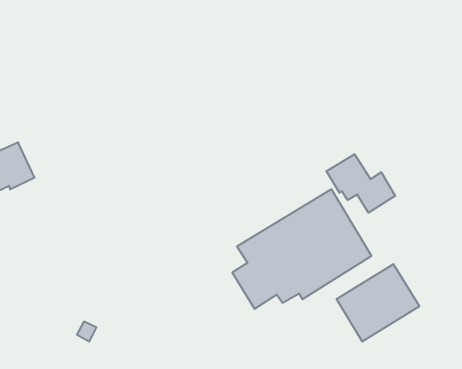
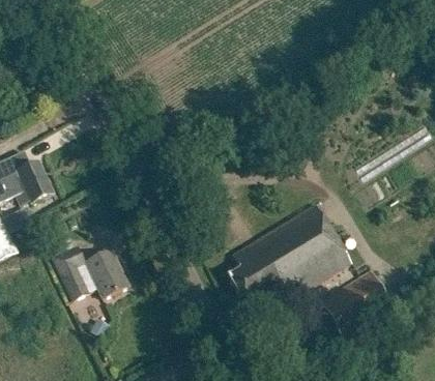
building: [326,154,395,213] -> none
building: none -> [55,250,128,299]

